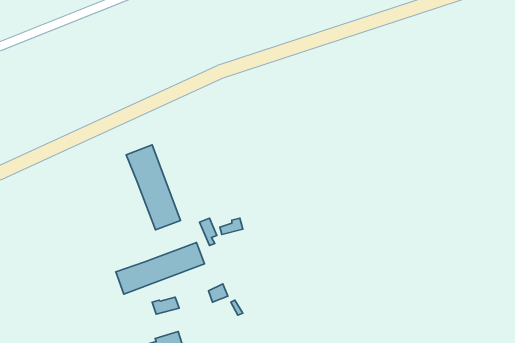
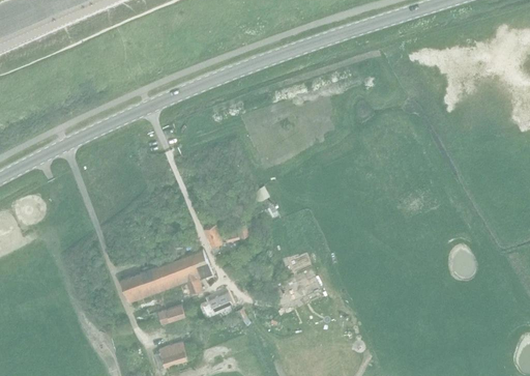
building: [126,145,181,230] -> none

